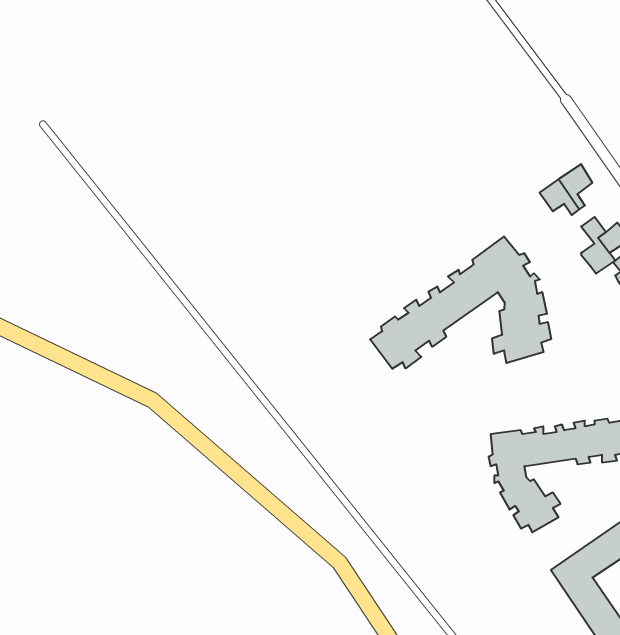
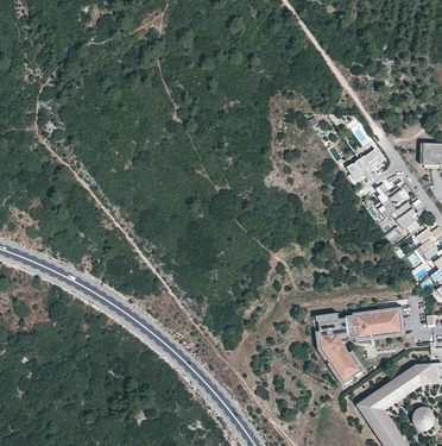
building: [370,236,551,369] -> none

